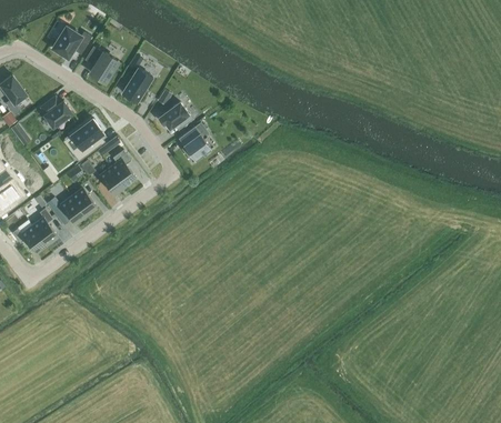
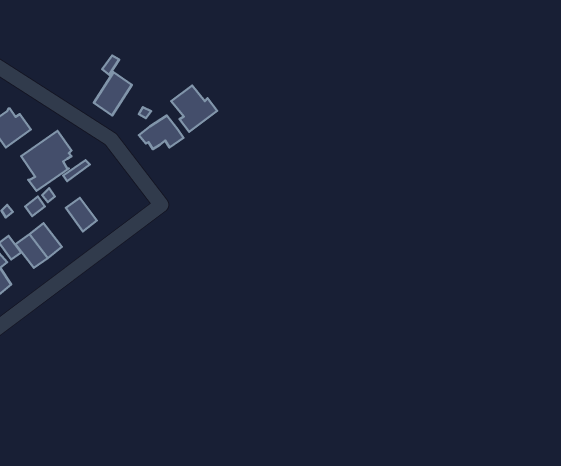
building: [52,27,91,58] -> none
building: [86,48,118,82] -> none
building: [178,127,214,163] -> [171,86,217,132]
building: [111,150,136,185] -> none

